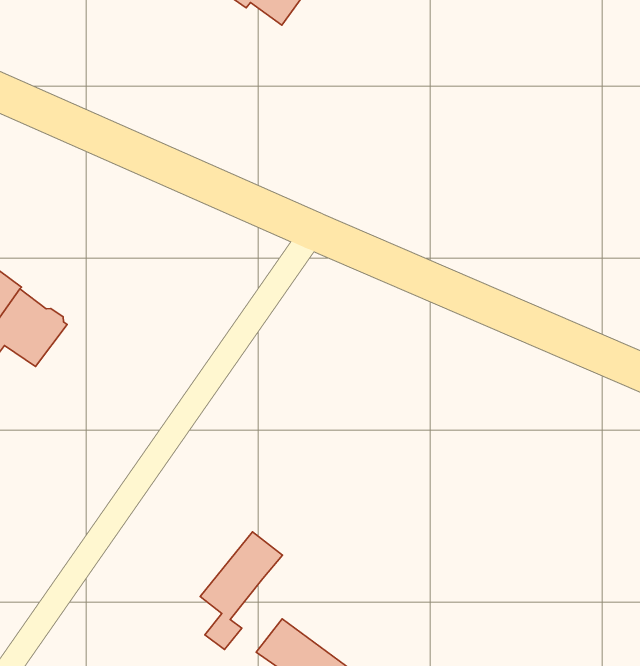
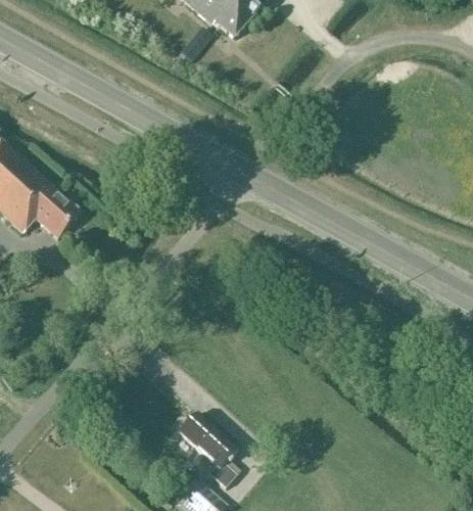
building: [200,532,283,649] -> none

